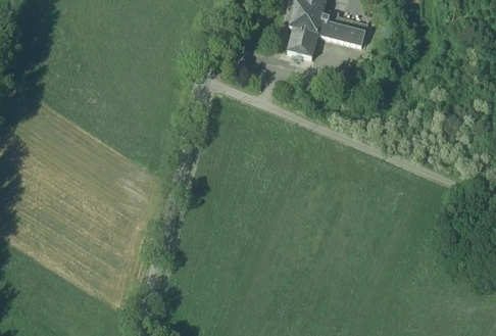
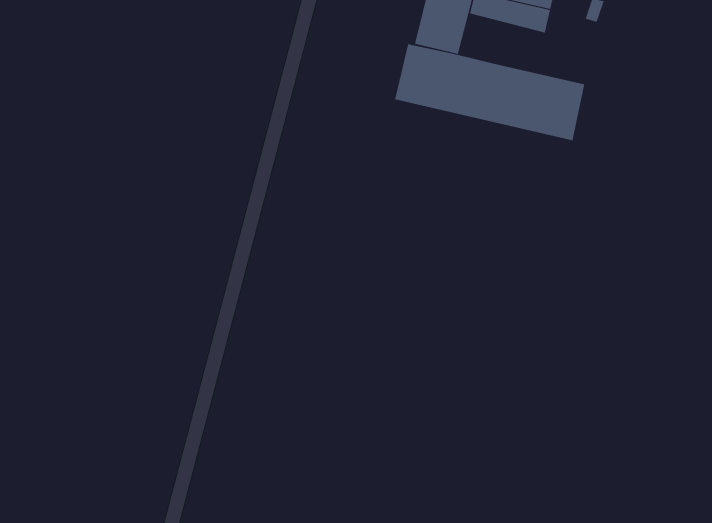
building: none -> [394,43,585,141]

